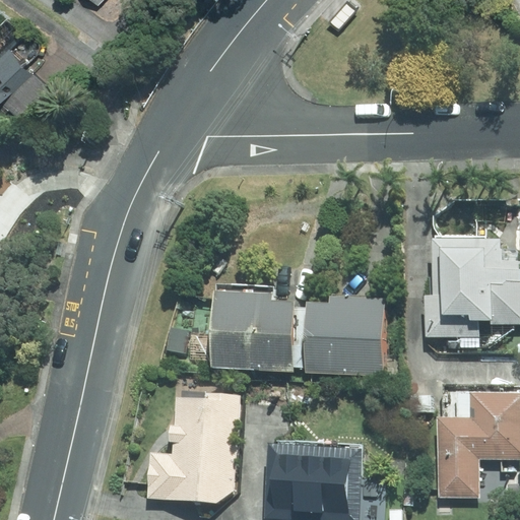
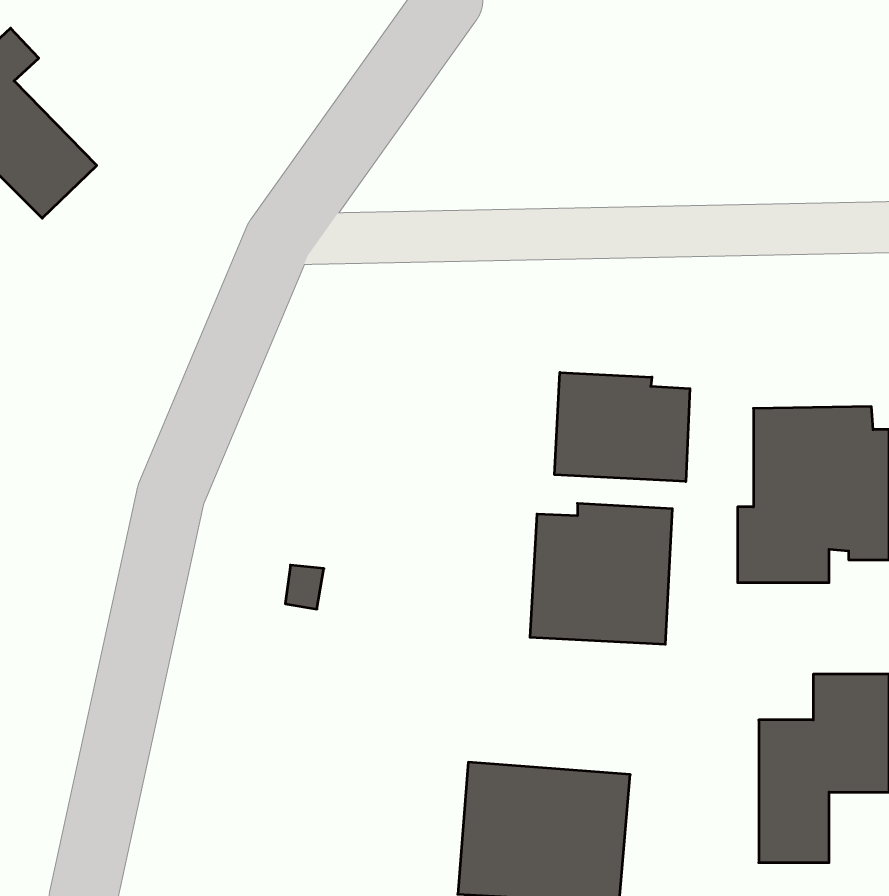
building: none -> [555,372,690,482]
building: [213,287,299,370] -> none
building: [144,394,238,505] -> none

